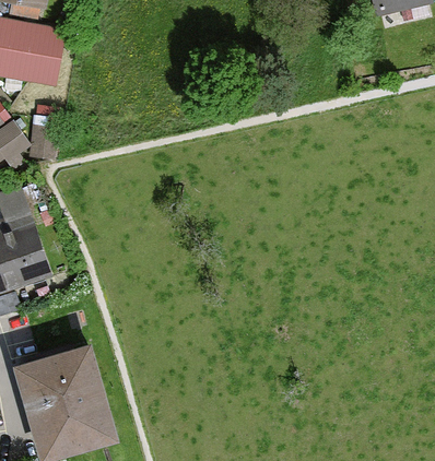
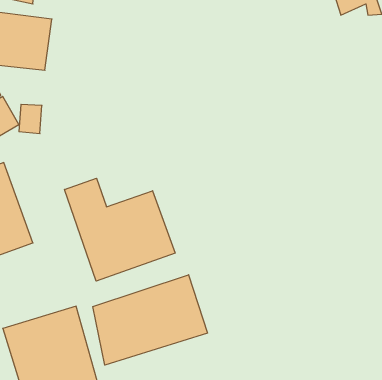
building: none -> [65,178,175,281]
building: none -> [93,275,208,365]

